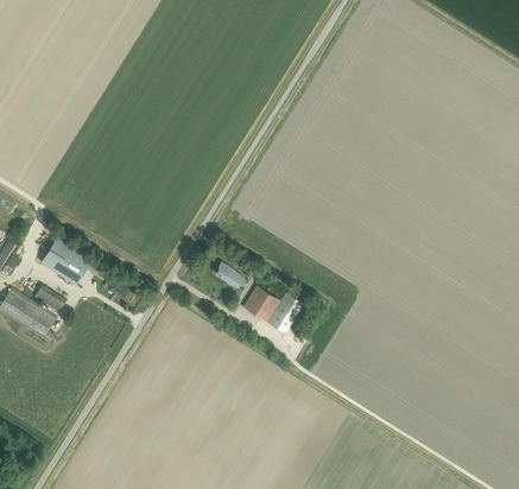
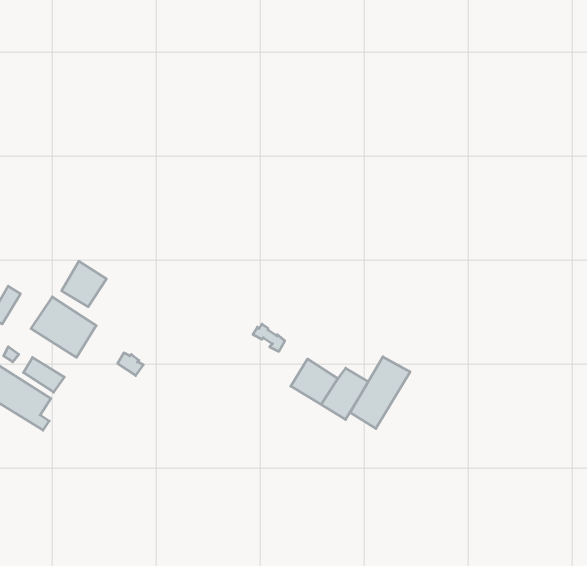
building: none -> [62,261,106,307]
building: none -> [350,357,410,429]

